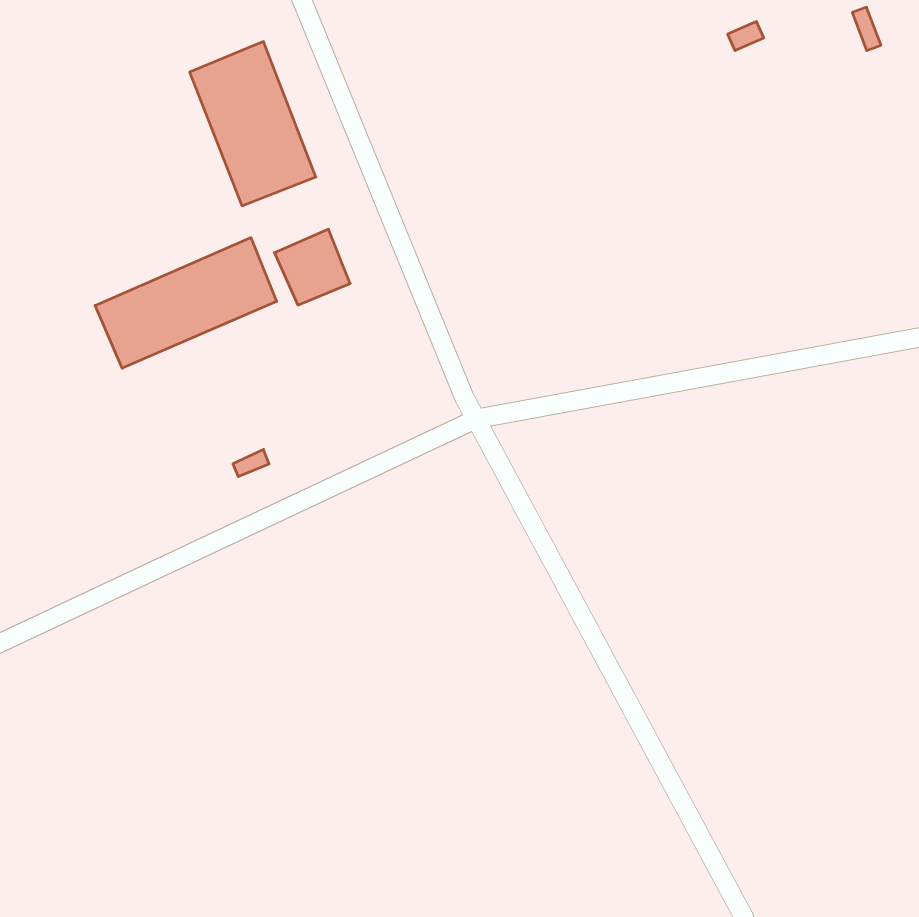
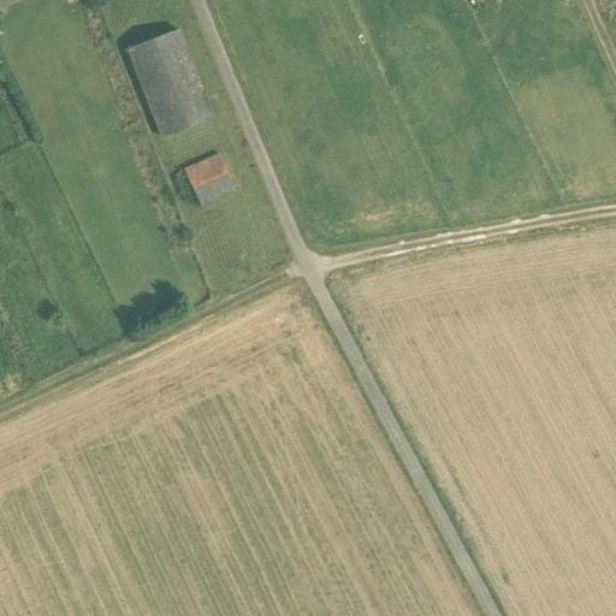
building: [95,238,277,368] -> none

